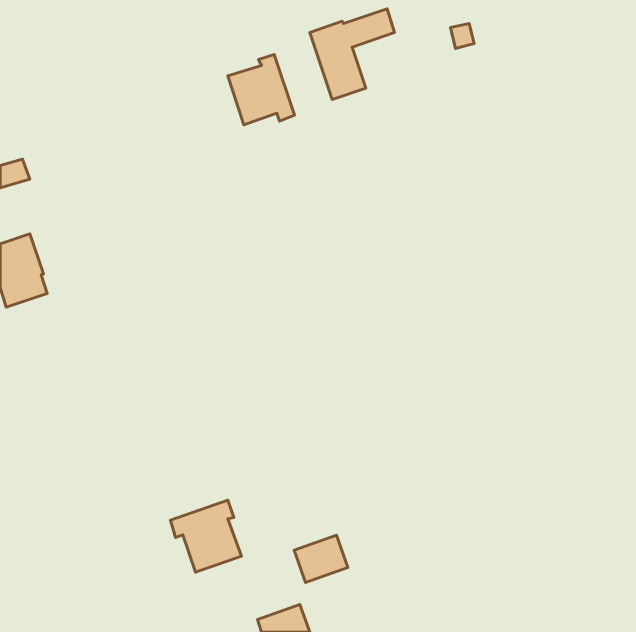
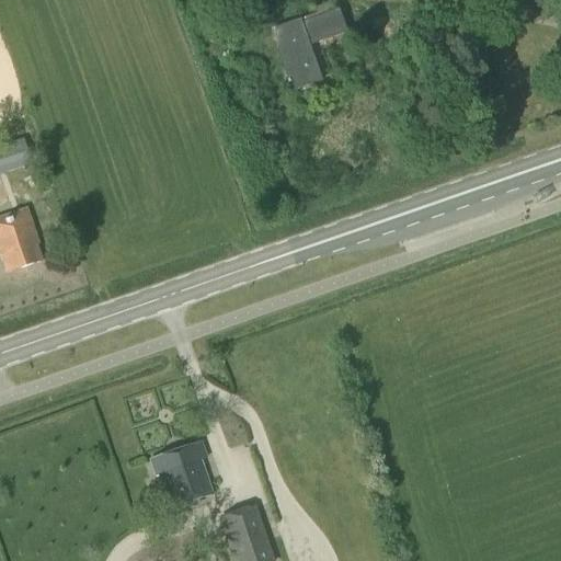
building: [228,54,294,125] -> none
building: [294,535,348,582] -> [217,504,264,546]

